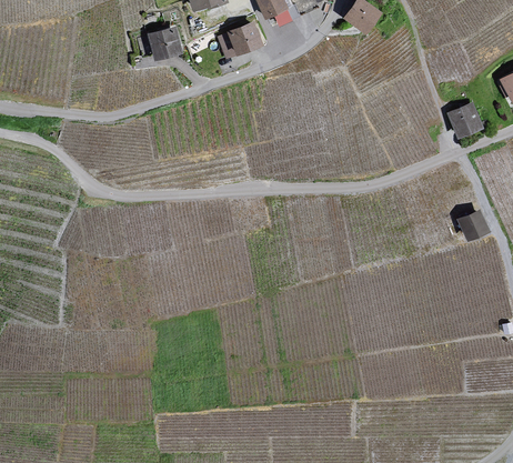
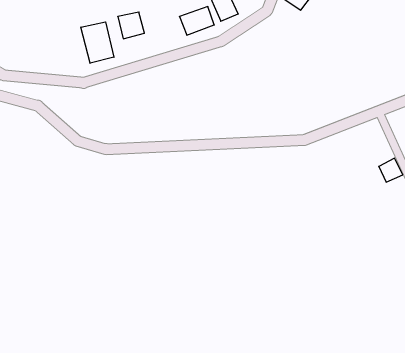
building: none -> [81,22,114,63]
building: [450,102,482,134] -> none

